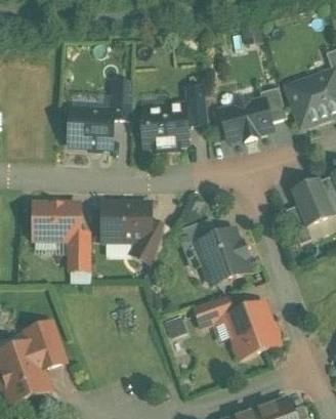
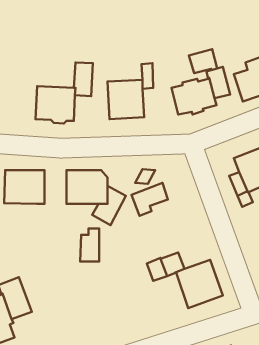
building: none -> [189,49,217,73]
building: [196,228,249,278] -> none
building: [69,233,90,269] -> [80,229,99,261]

